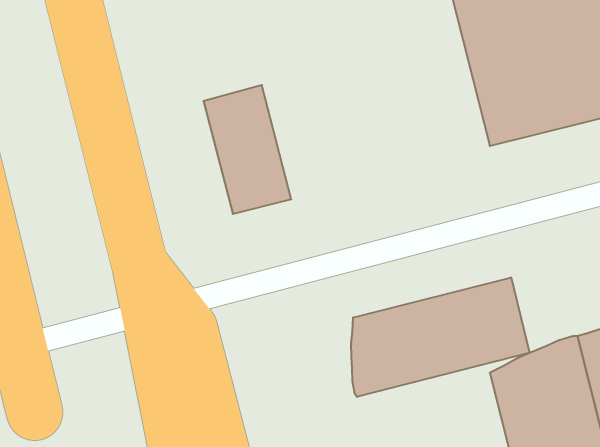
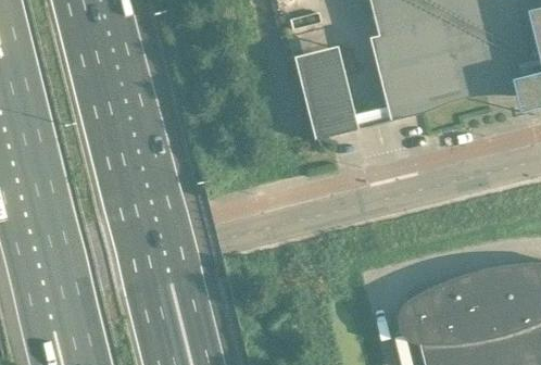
building: [203,85,291,214] -> [294,45,360,140]
building: [351,277,530,397] -> none

